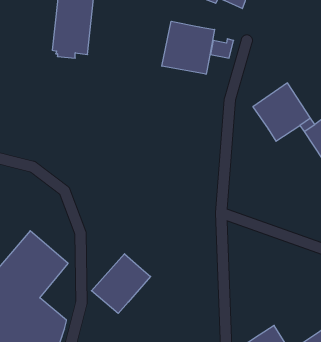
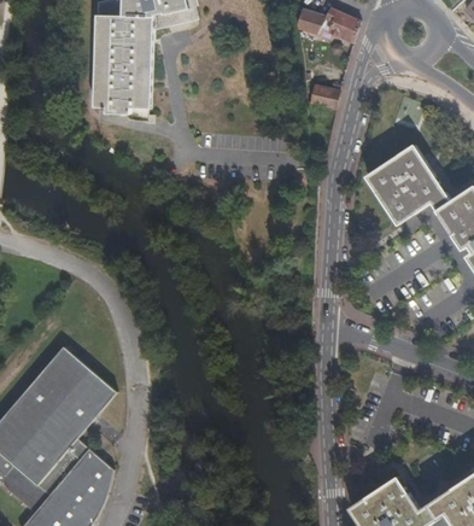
building: [162,21,215,74] -> none
building: [91,254,151,313] -> none

